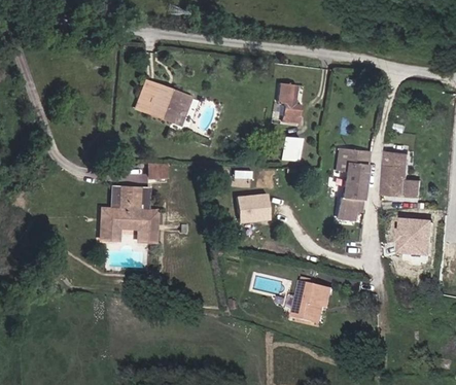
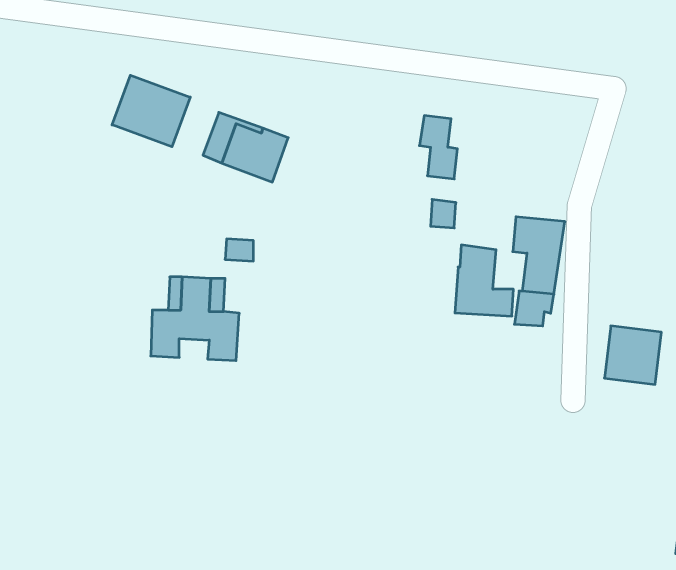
building: none -> [112,75,190,147]
building: [383,151,421,198] -> [455,245,513,316]
building: [239,192,271,221] -> none
building: [294,282,335,324] -> none

